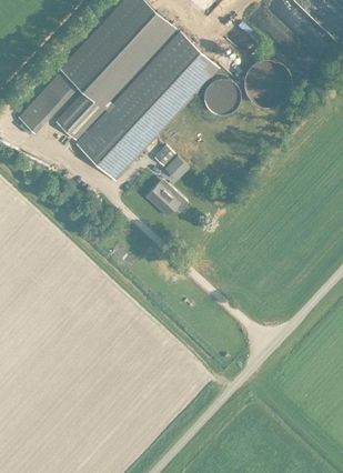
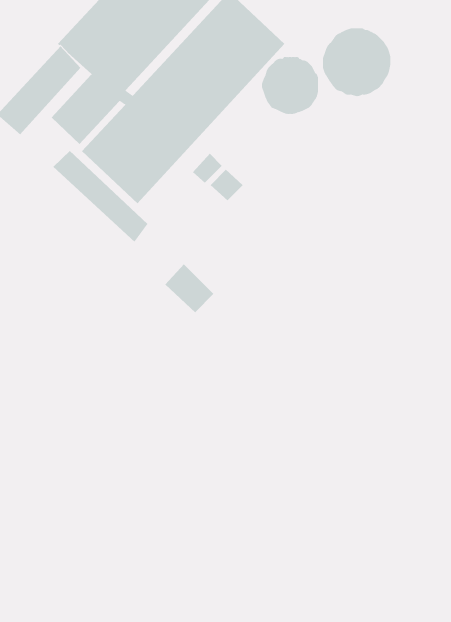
building: none -> [53,150,148,243]
building: [144,181,179,215] -> [165,263,214,313]

